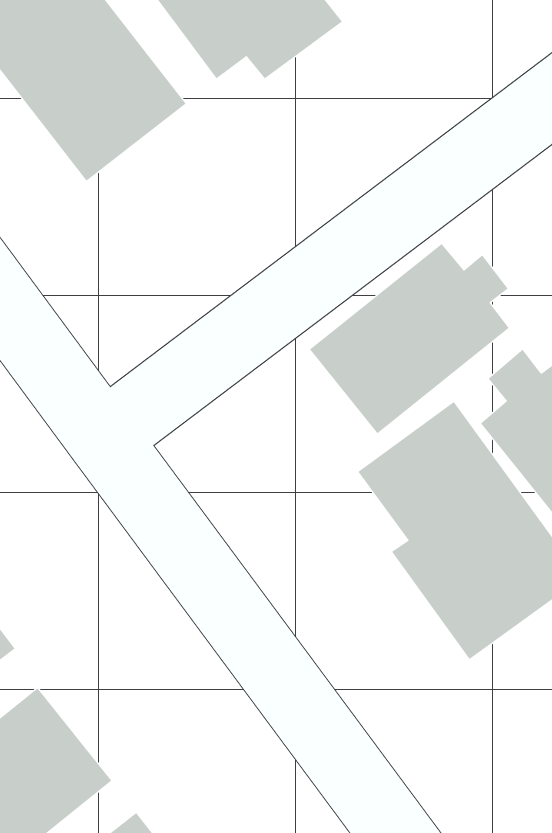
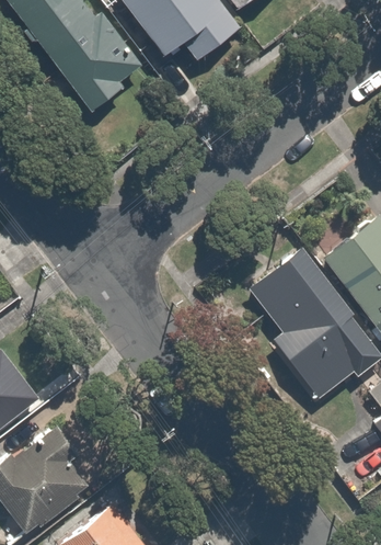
building: [309,243,510,434] -> none

